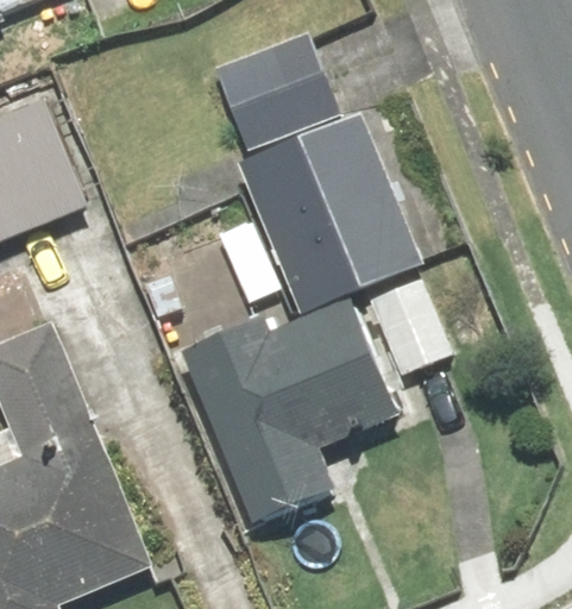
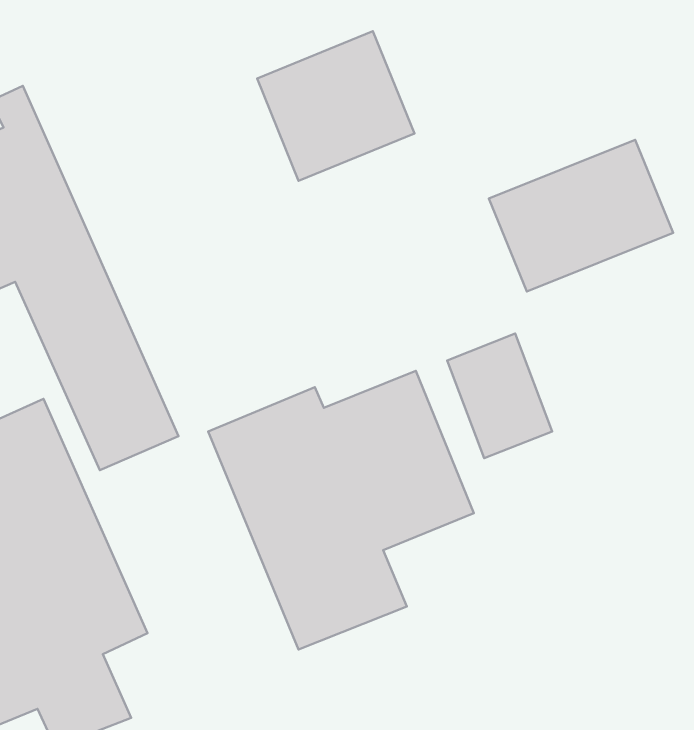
building: [220,113,420,312] -> none
building: none -> [489,140,673,292]

